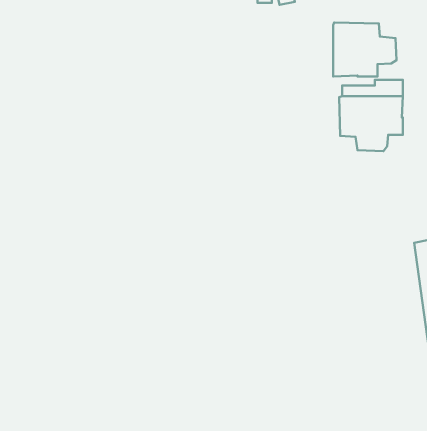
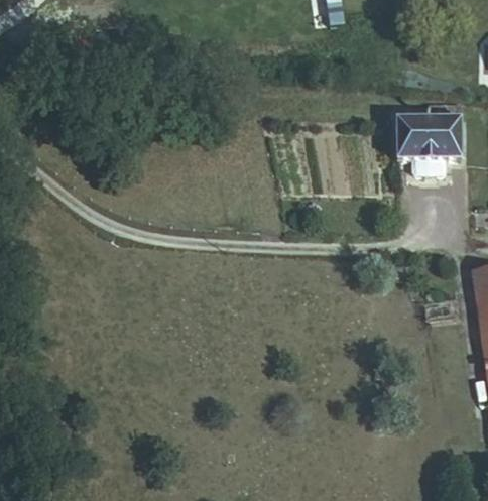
building: [333,23,397,76] -> none

